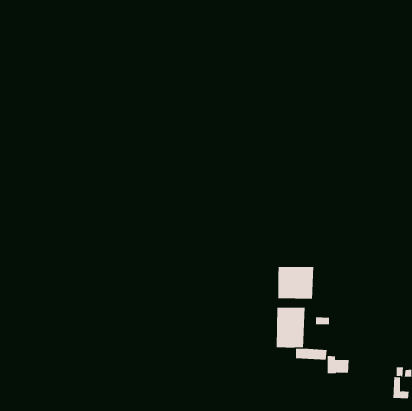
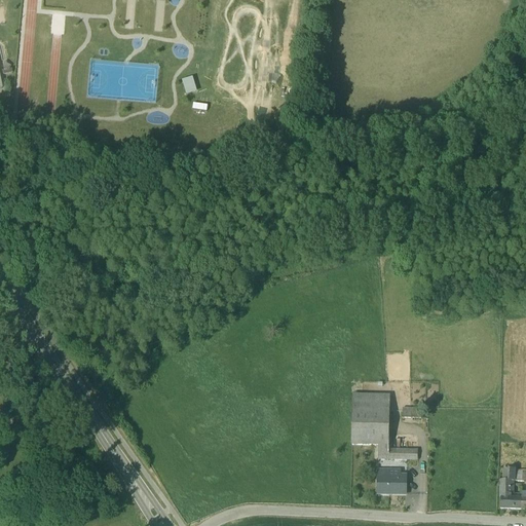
building: [278,266,314,300] -> none
building: [327,355,349,374] -> [377,467,406,491]

